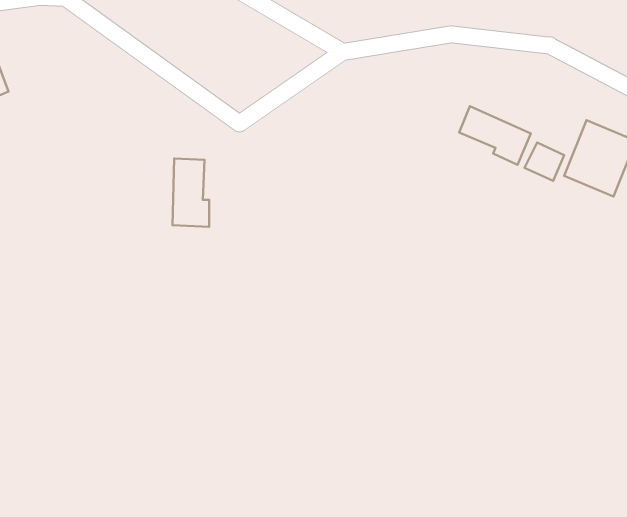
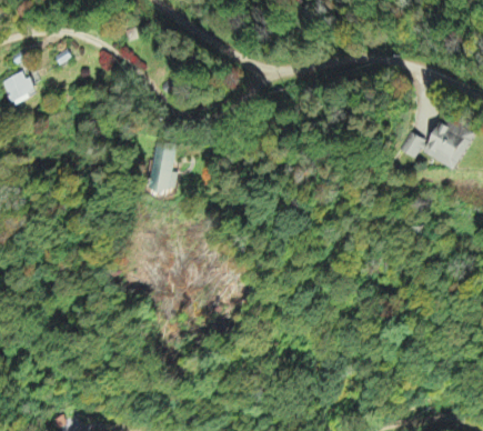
building: [459,106,531,165] -> none

